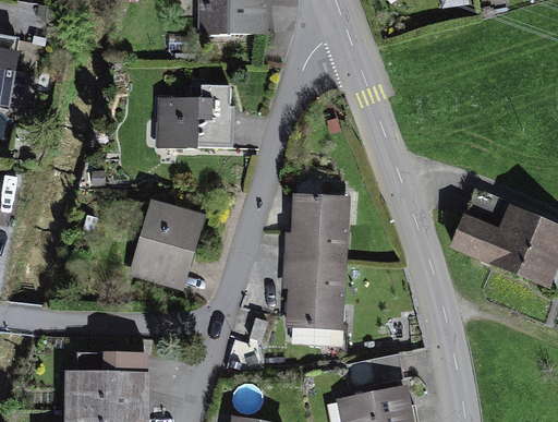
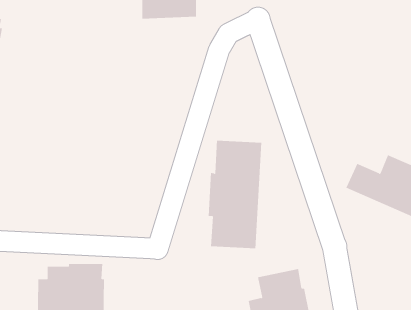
building: [159,83,233,147] -> none
building: [128,198,205,292] -> none

